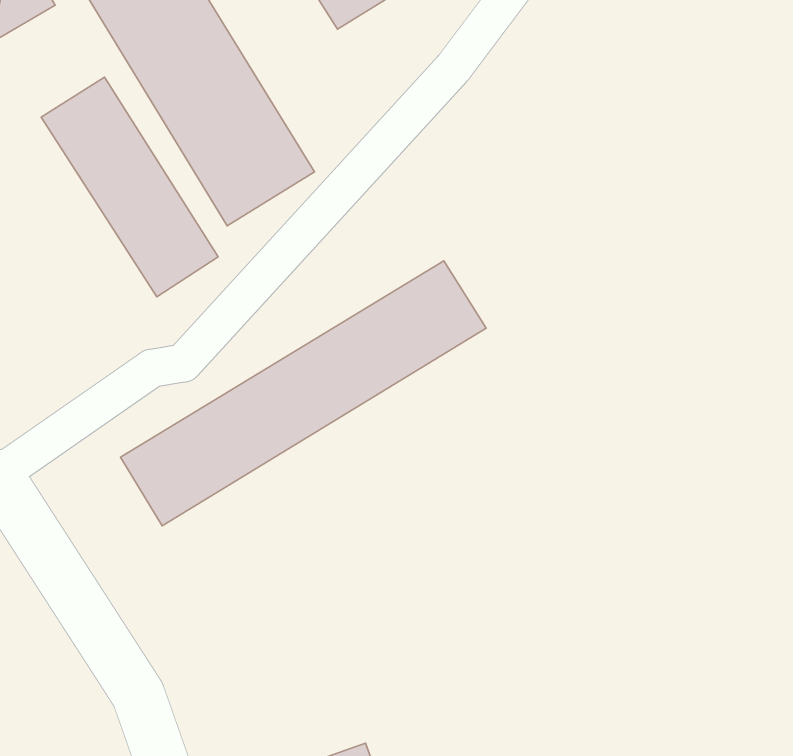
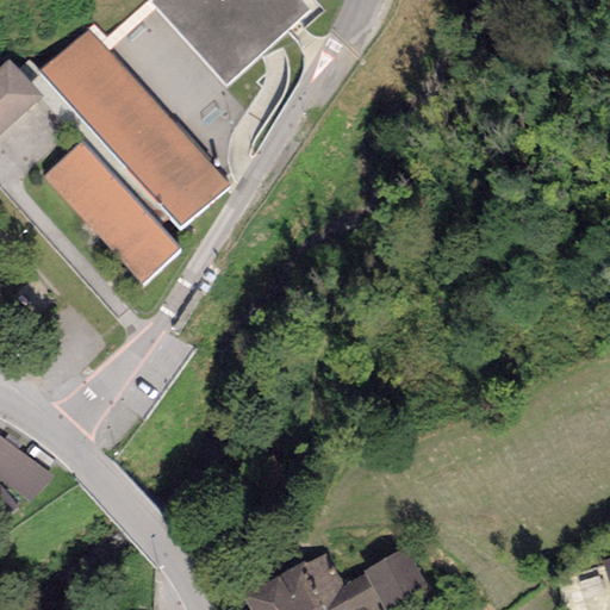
building: [121,261,486,526] -> none

